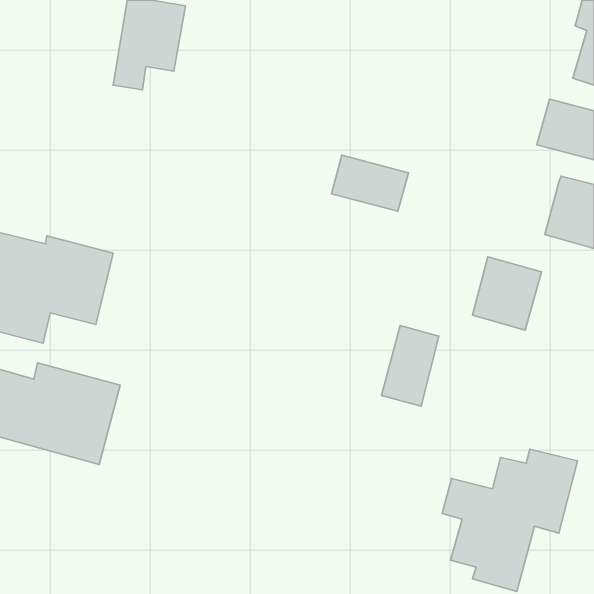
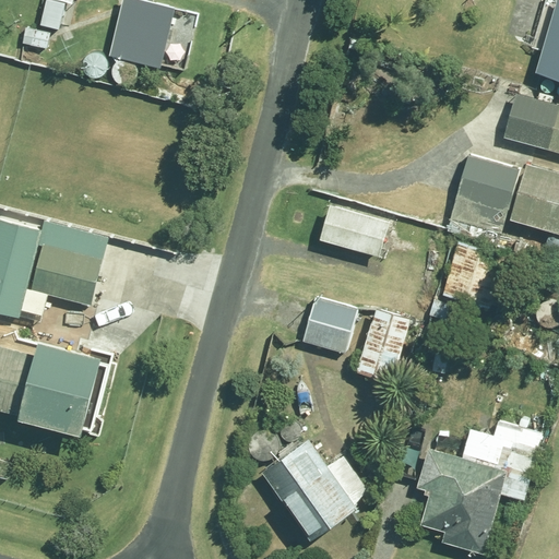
building: [331,155,408,211] -> [318,204,390,257]
building: none -> [451,157,523,229]
building: none -> [301,298,357,354]
building: none -> [261,438,372,539]

